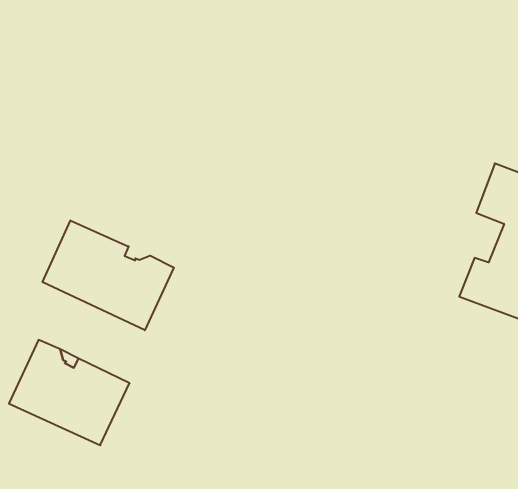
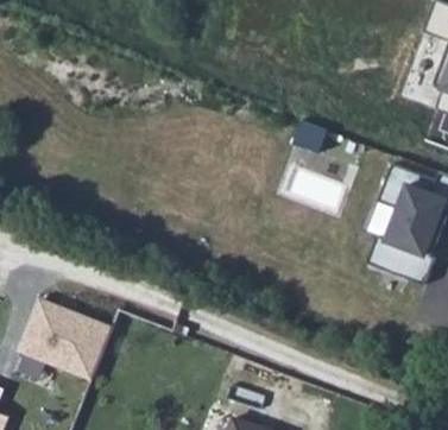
building: [43,220,174,330] -> none

